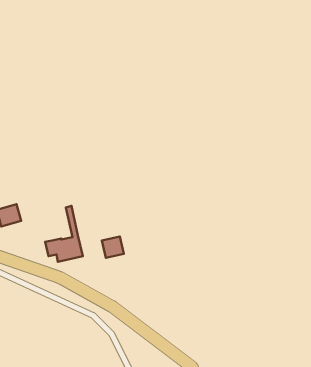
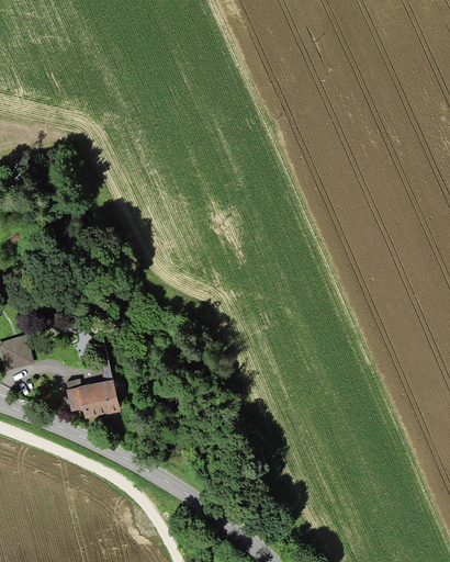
building: [102,236,124,258] -> none

